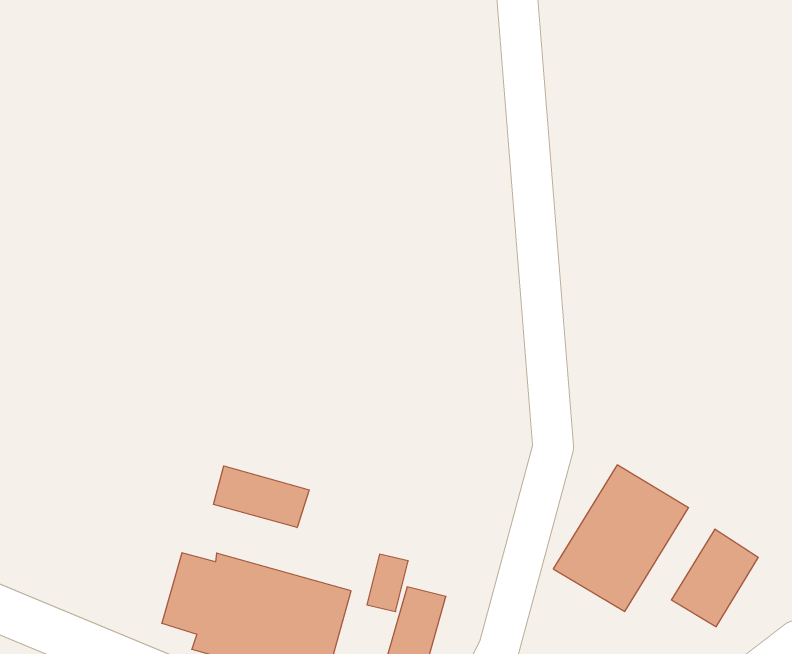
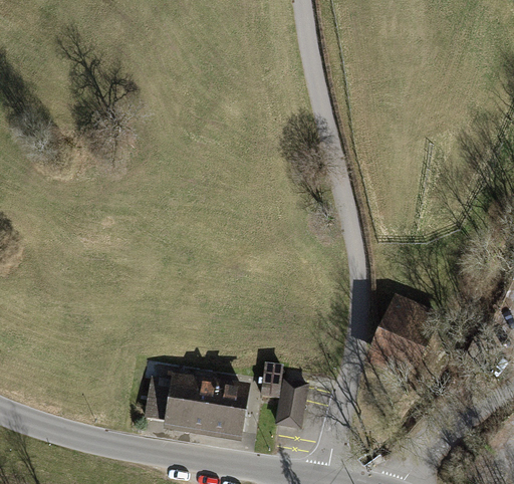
building: [213,466,309,528] -> none
building: [671,529,758,627] -> none

